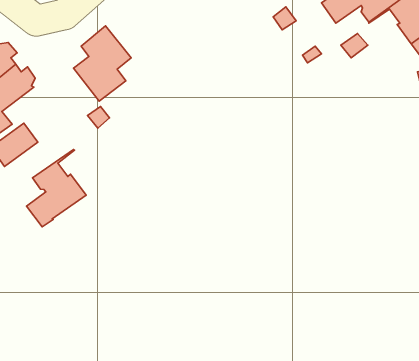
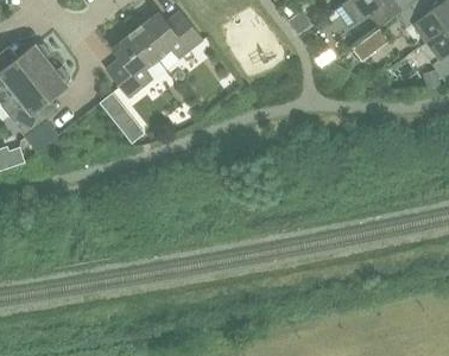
building: none -> [134,9,203,58]
building: [27,150,86,227] -> none

